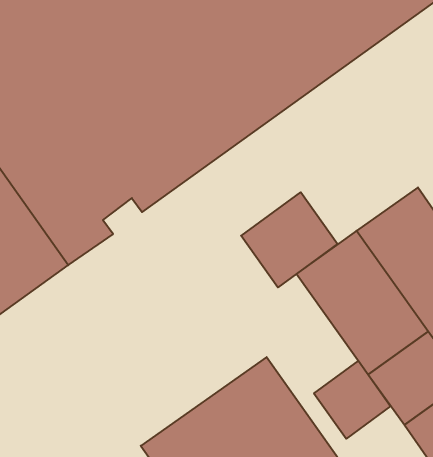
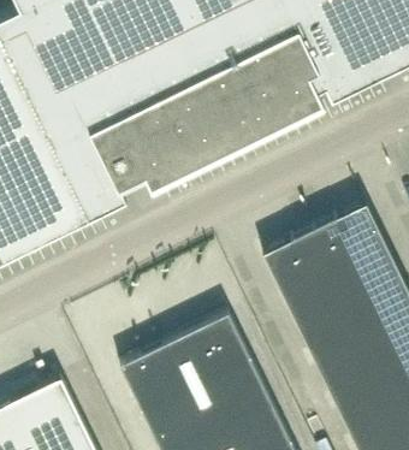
building: [241,192,338,287] -> none
building: [314,361,391,439] -> none

